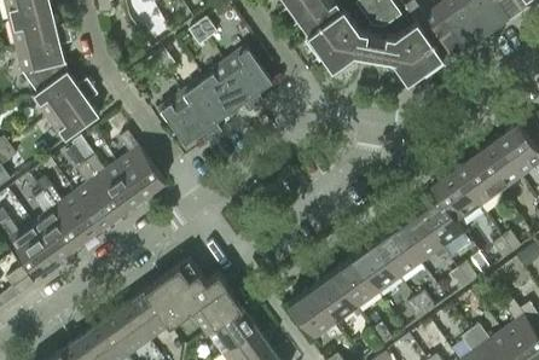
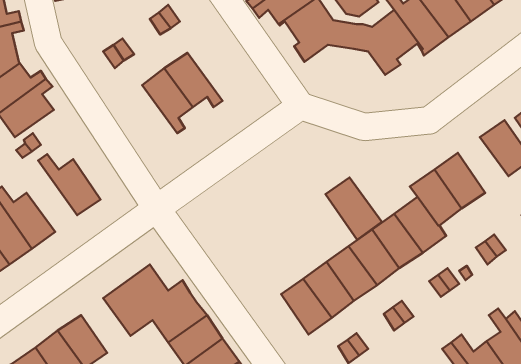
building: [224,46,272,108] -> none
building: [158,93,214,145] -> none
building: [117,132,164,199] -> none
building: [475,141,522,193] -> none
building: [74,163,121,230] -> none
building: none -> [326,177,382,240]
building: [288,288,336,341] -> none
building: [124,291,170,342] -> none

